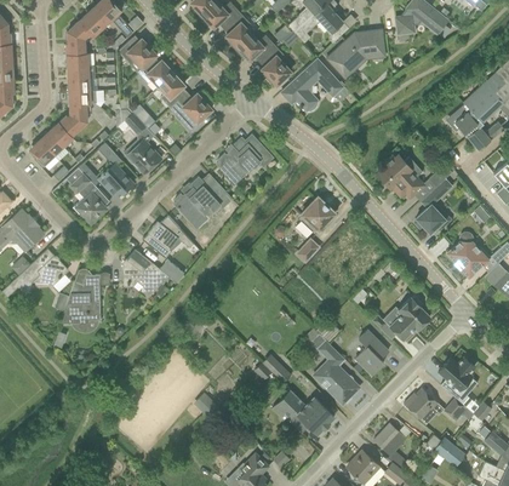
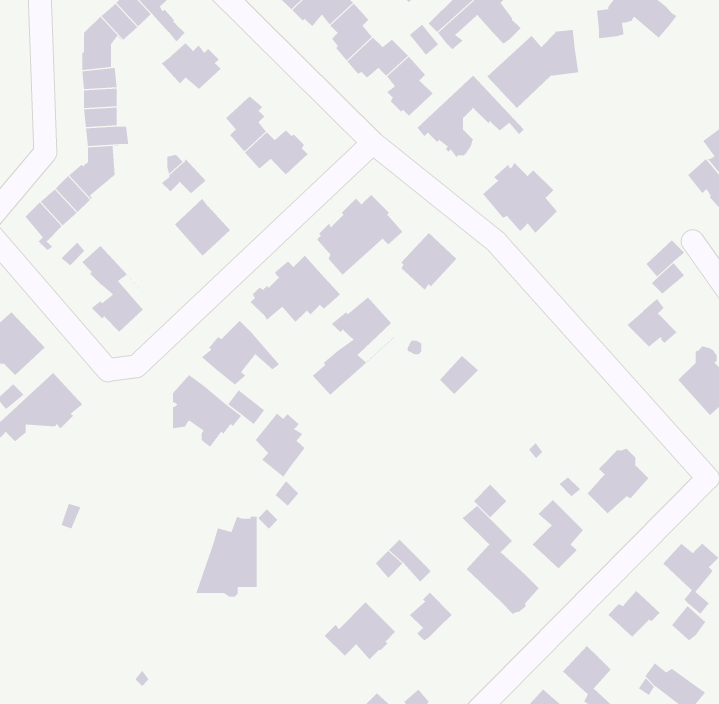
building: [136,55,173,86] -> none
building: [97,143,132,196] -> none
building: [376,153,424,199] -> [482,162,558,234]
building: [298,196,334,234] -> [400,232,457,291]
building: none -> [312,296,396,396]
building: [59,274,99,326] -> [195,516,257,597]
building: none -> [255,412,306,478]
building: [287,398,333,435] -> [324,602,396,660]

